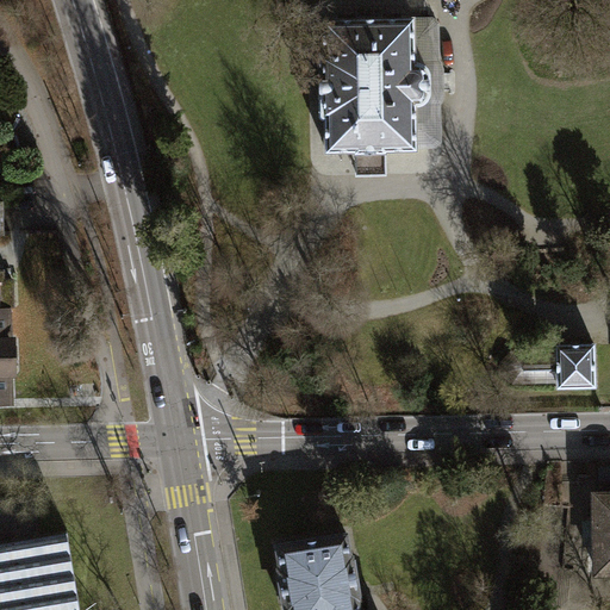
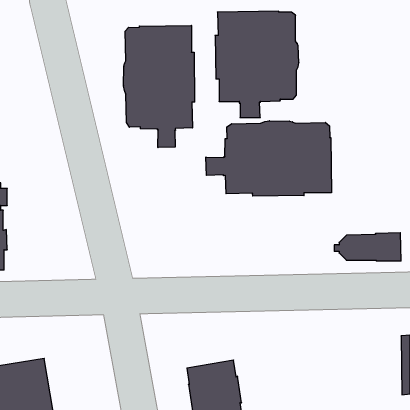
building: none -> [124,25,195,148]
building: none -> [206,121,331,196]

